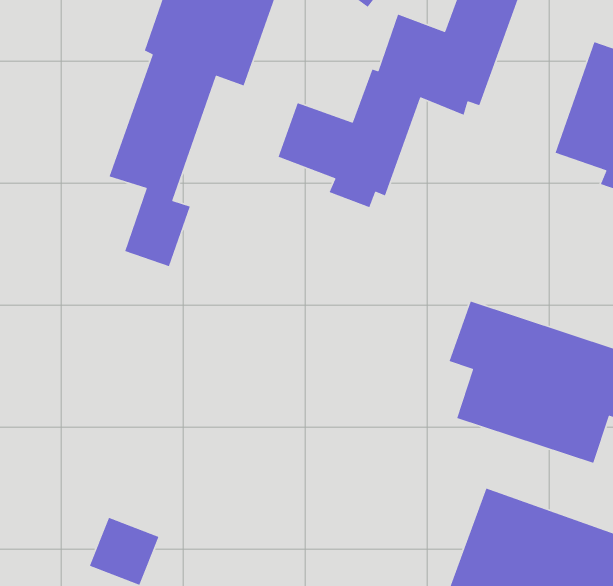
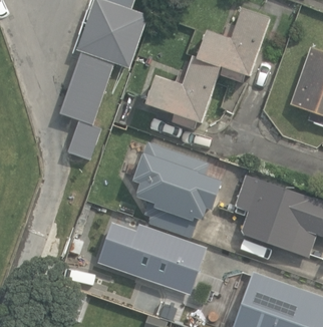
building: none -> [128,137,220,233]
building: none -> [98,220,202,289]

